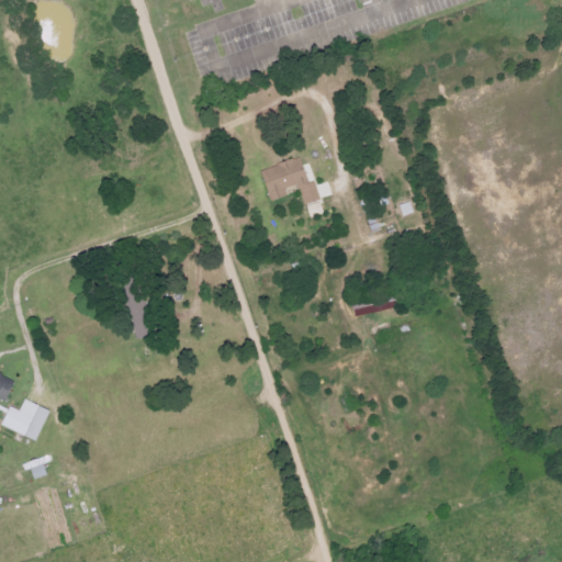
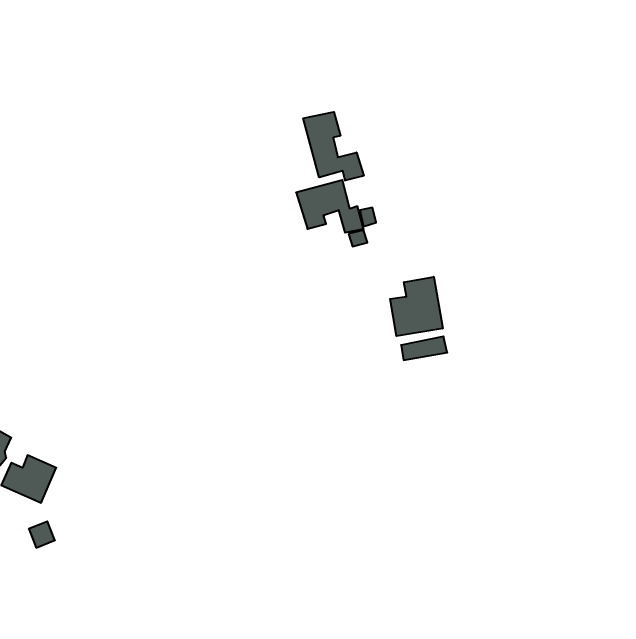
building: none -> [303,112,364,181]
building: none -> [390,277,443,336]

